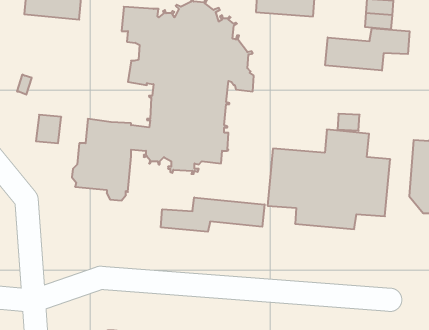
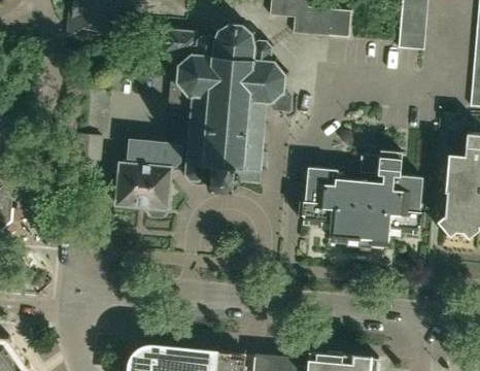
building: [325,28,410,71] -> none
building: [161,197,265,232] -> none

